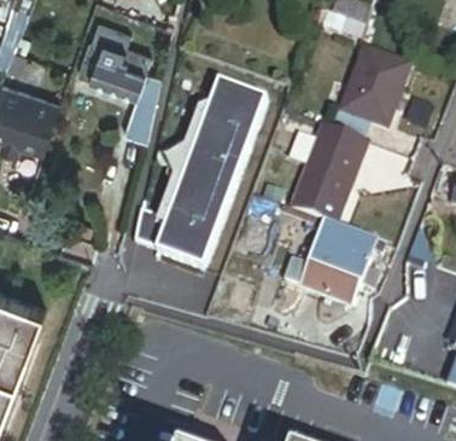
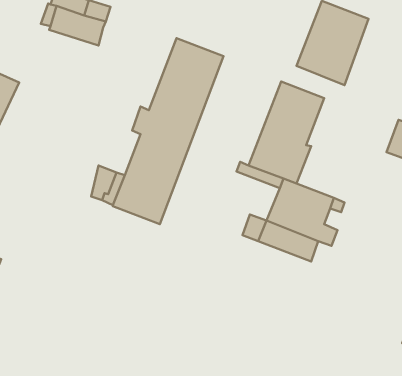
building: [123,68,163,139] -> none

